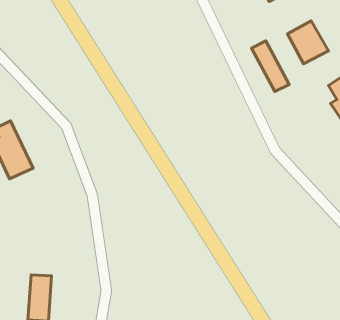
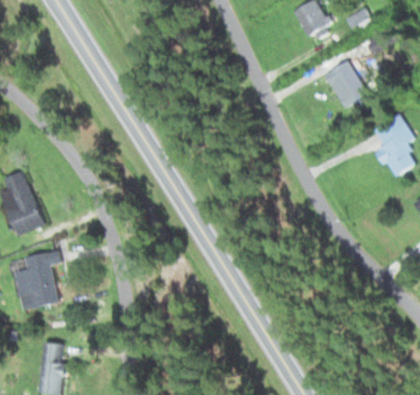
building: [252,41,289,92] -> none
building: none -> [16,254,61,307]

